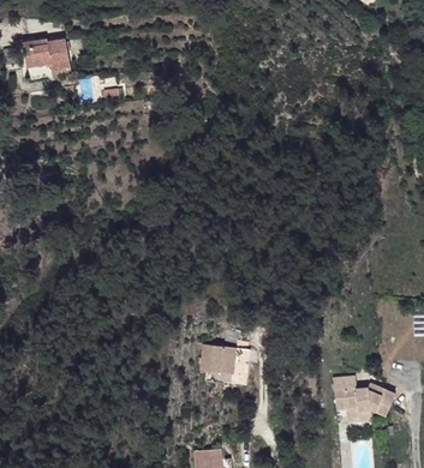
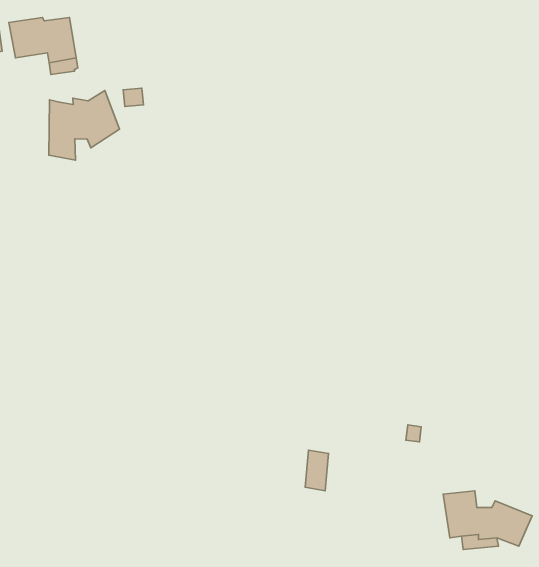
building: none -> [49,91,119,160]
building: [199,343,235,373] -> none

